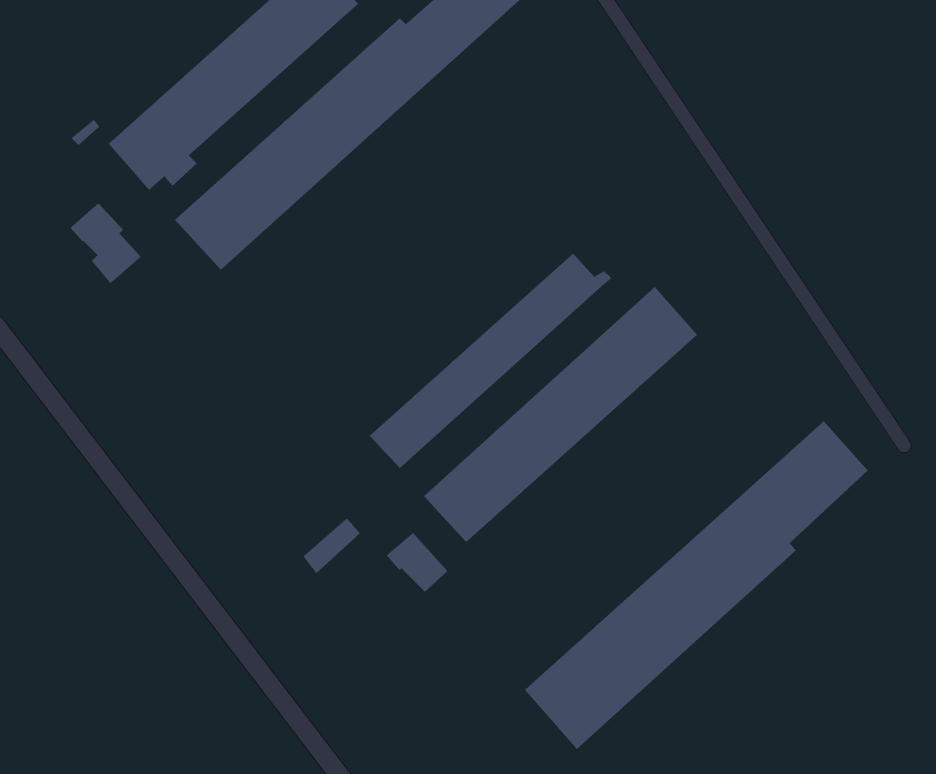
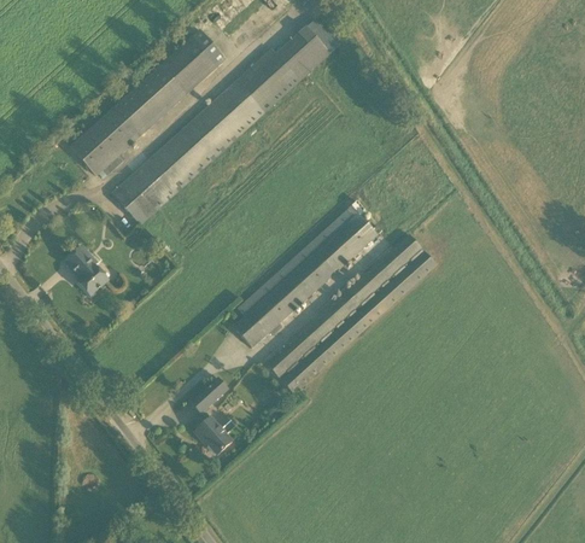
building: [69,203,141,284] -> [64,245,109,296]
building: [524,421,869,750] -> none
building: [386,532,448,592] -> [193,418,232,455]

